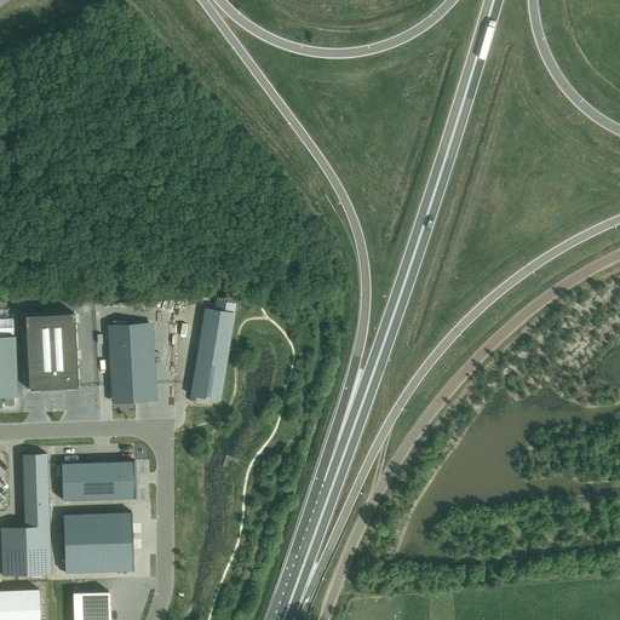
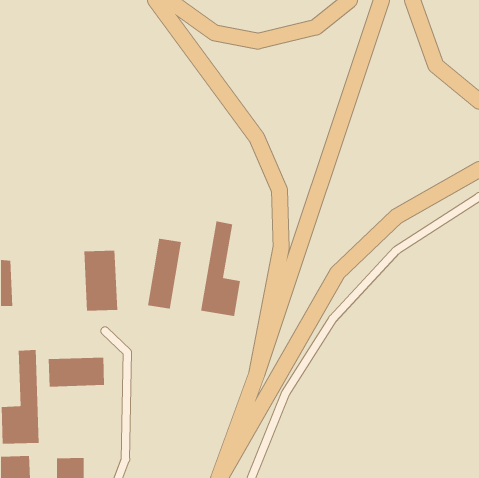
building: none -> [201,221,241,317]
building: [25,314,78,391] -> none
building: [63,513,133,574] -> none

